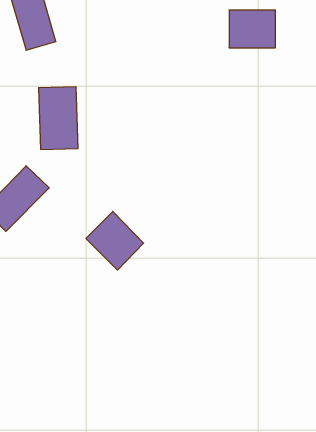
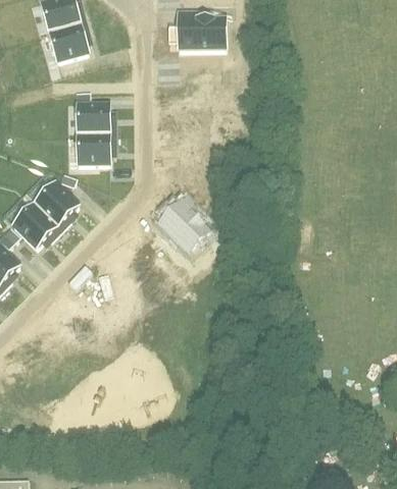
building: [229,10,275,48] -> [176,11,225,51]
building: [86,211,144,270] -> [155,196,216,258]

